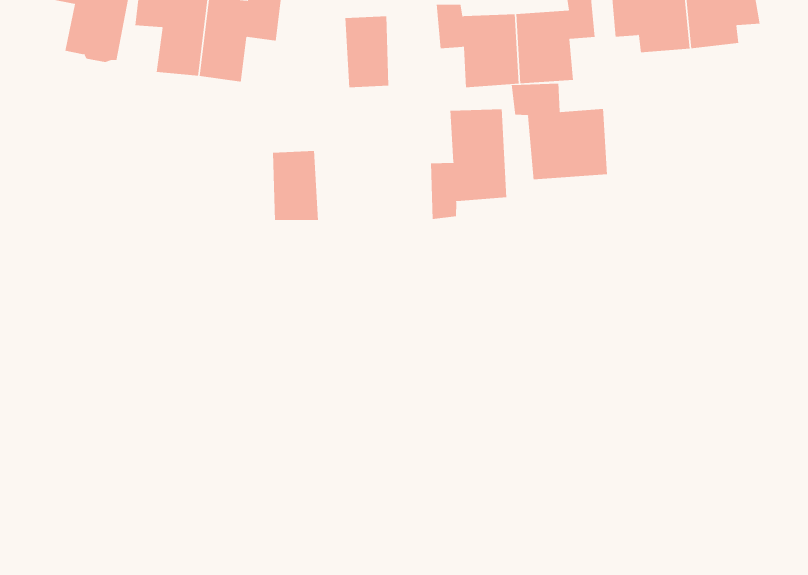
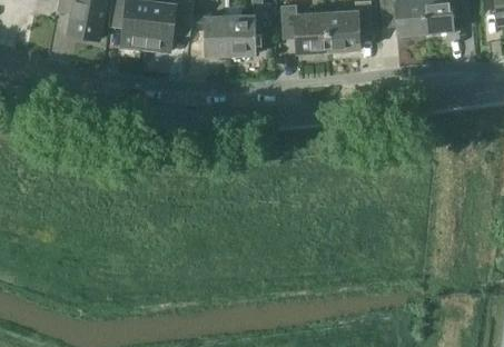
building: [511,83,607,180] -> none
building: [430,108,507,220] -> none
building: [272,150,319,220] -> [205,14,231,54]

